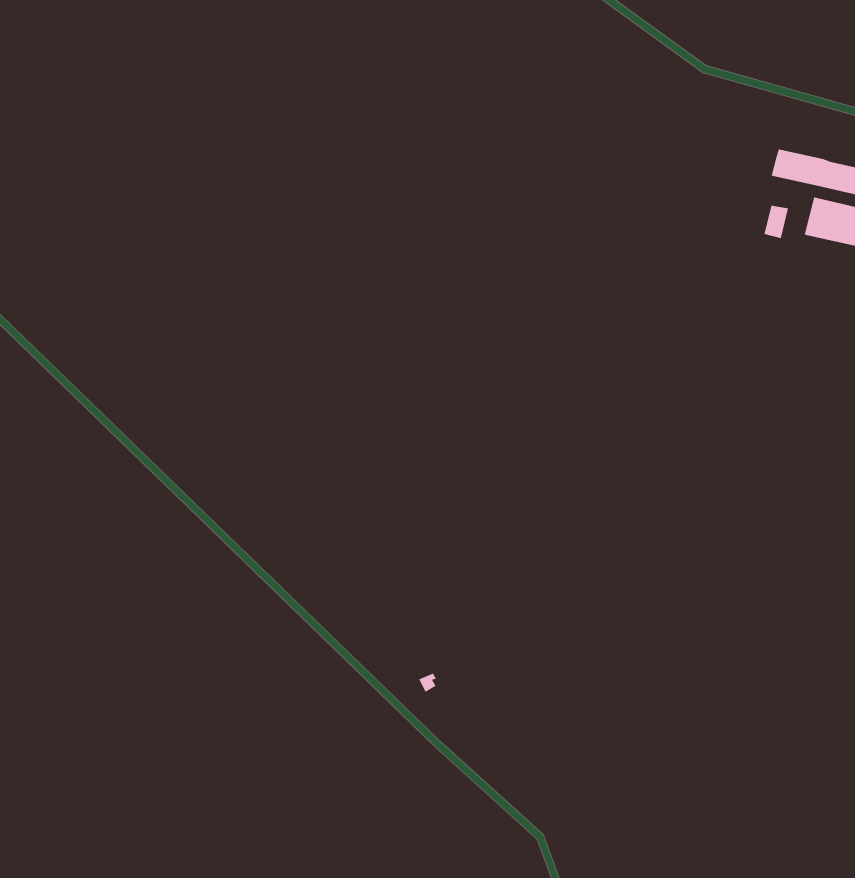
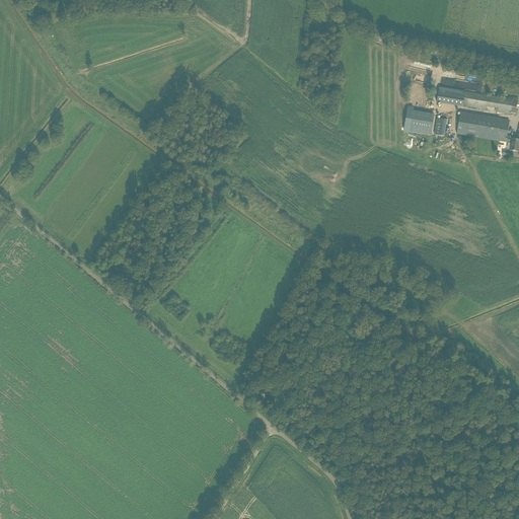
building: none -> [409,109,433,134]

